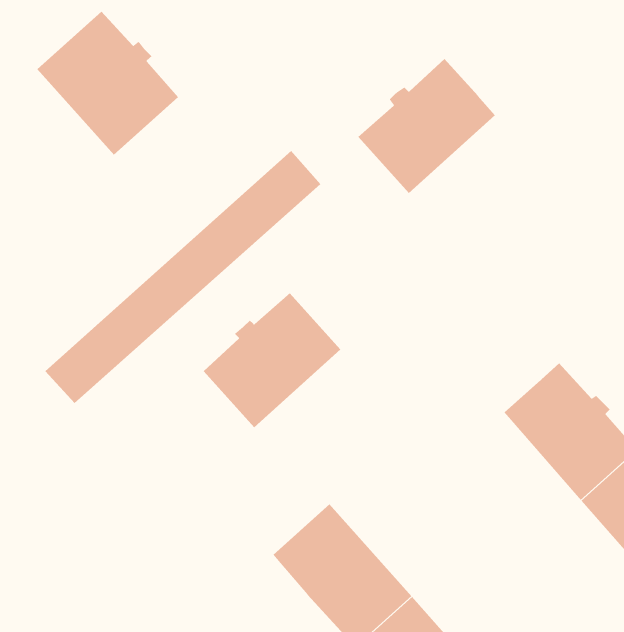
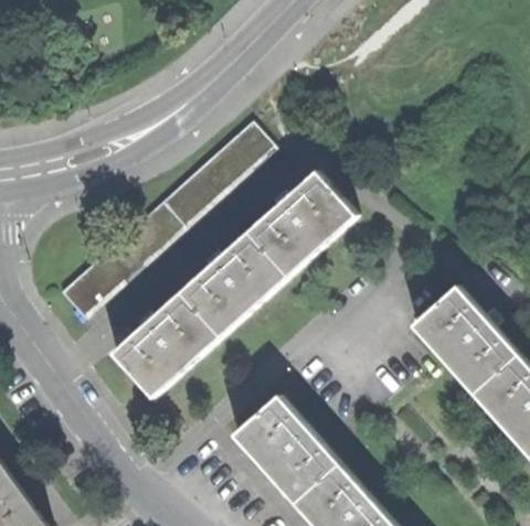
building: [36,11,179,155] -> none
building: [357,58,496,194] -> [248,171,356,276]
building: none -> [114,292,221,397]

